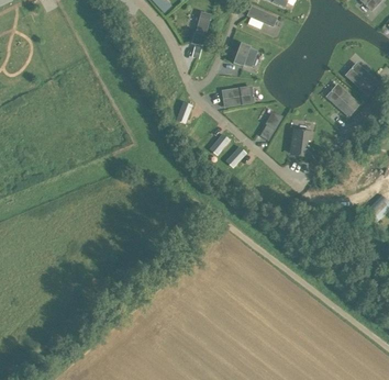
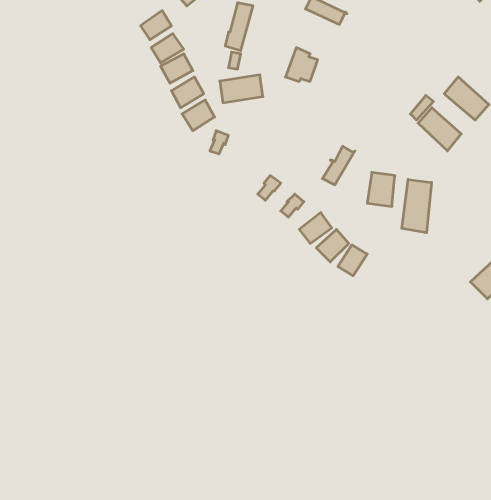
building: [222,86,253,105] -> [220,75,263,103]
building: none -> [402,179,432,233]

